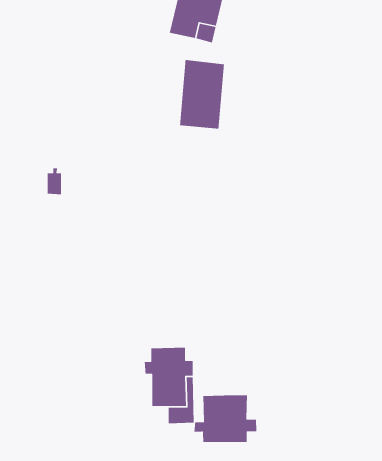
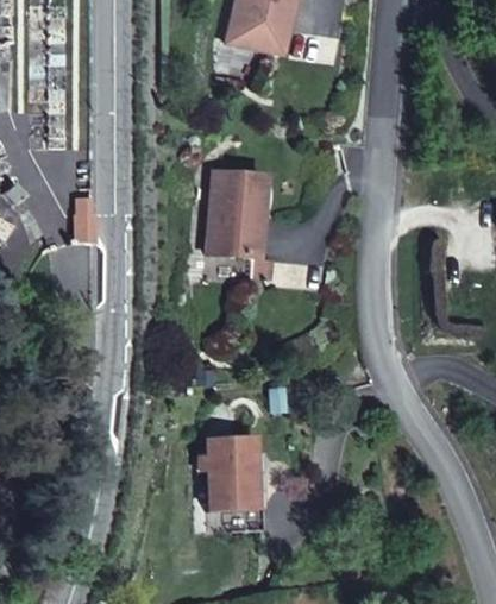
building: [179,59,225,130] -> [209,170,266,258]
building: [194,394,257,443] -> none

